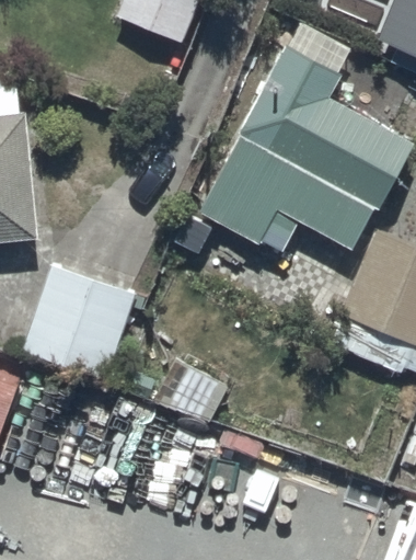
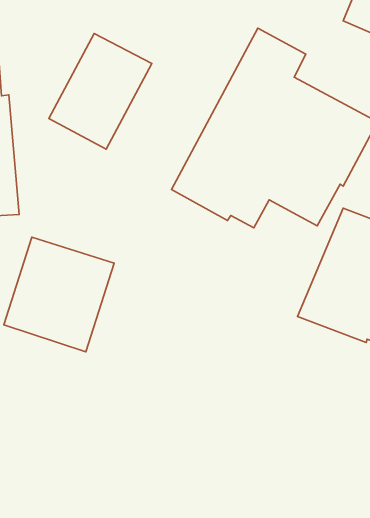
building: none -> [49,34,152,149]

